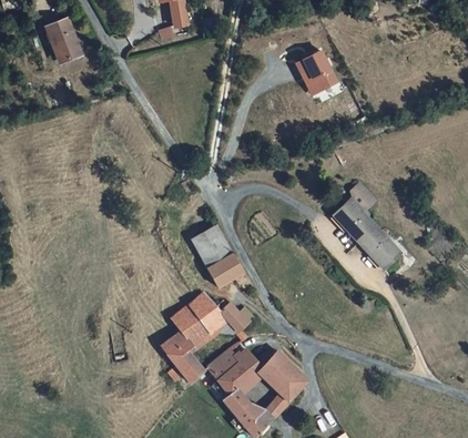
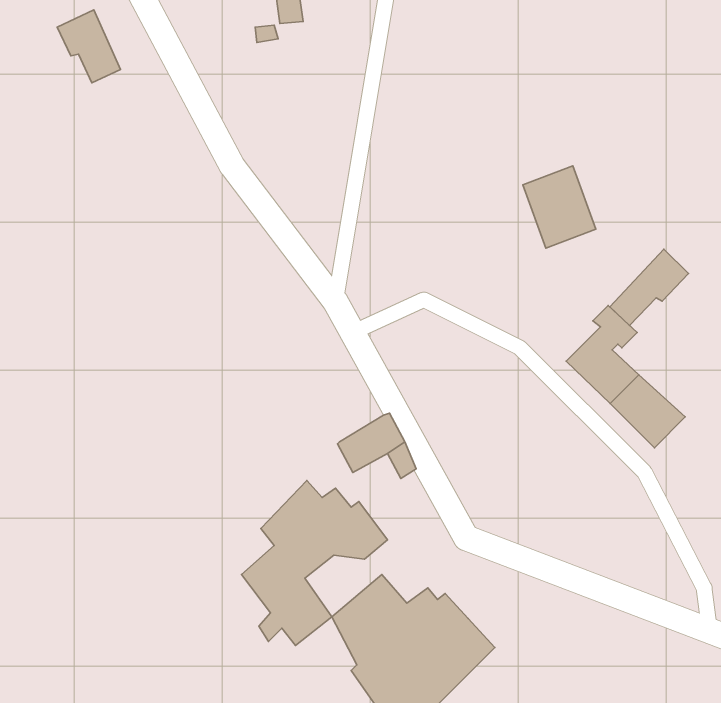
building: [294,47,336,94] -> [523,166,596,248]
building: none -> [610,249,689,326]
building: [194,225,235,268] -> none

